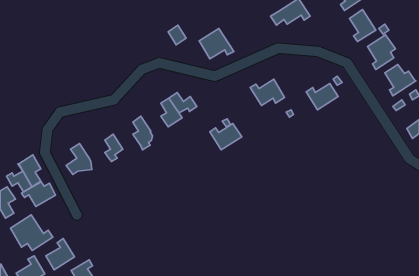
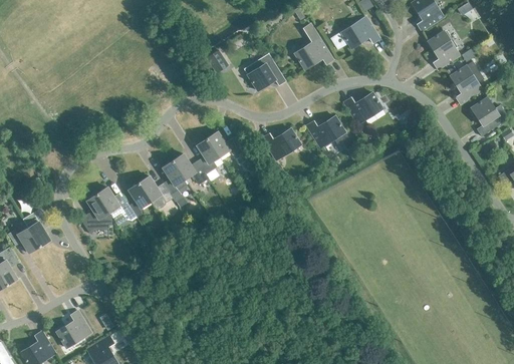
building: none -> [294,25,333,69]
building: [306,84,338,110] -> [343,92,382,124]
building: none -> [173,153,209,185]
building: [210,124,242,150] -> [262,128,301,160]
building: none -> [139,175,173,209]
building: none -> [97,187,134,216]
building: [22,182,55,206] -> none
building: [11,215,53,250] -> none

